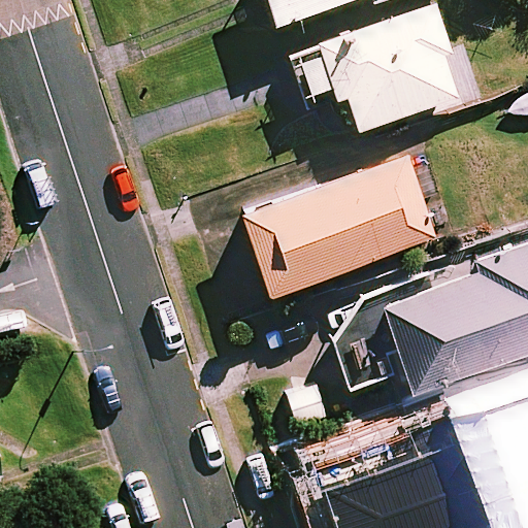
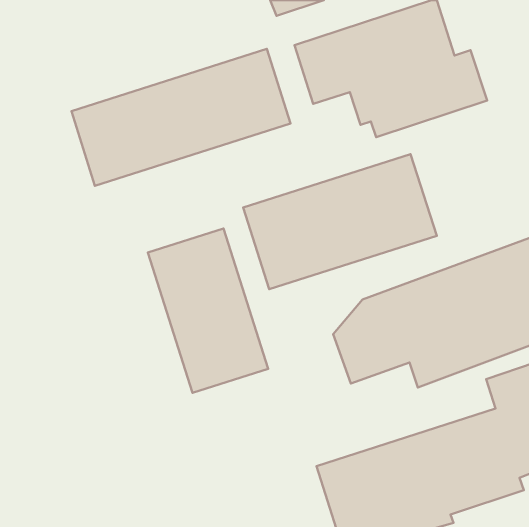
building: none -> [71,49,291,186]
building: none -> [148,229,268,393]

